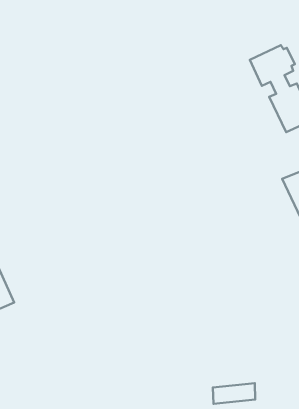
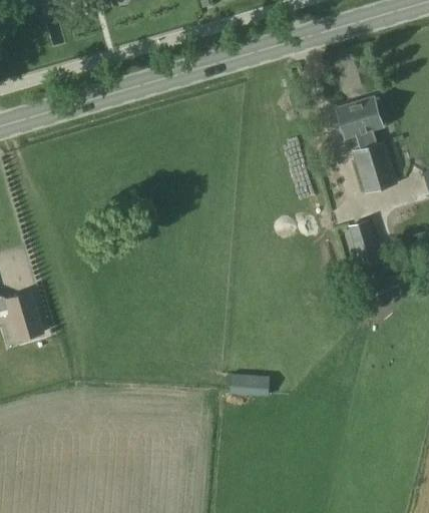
building: [213,383,255,404] -> [224,375,272,395]

